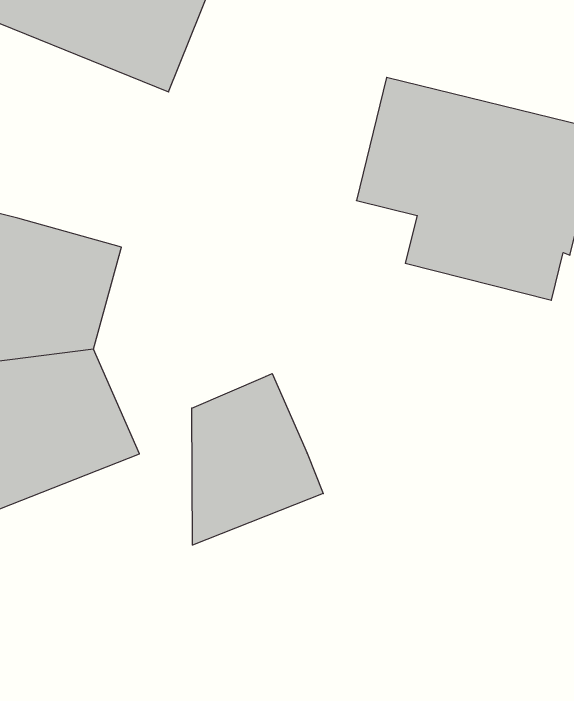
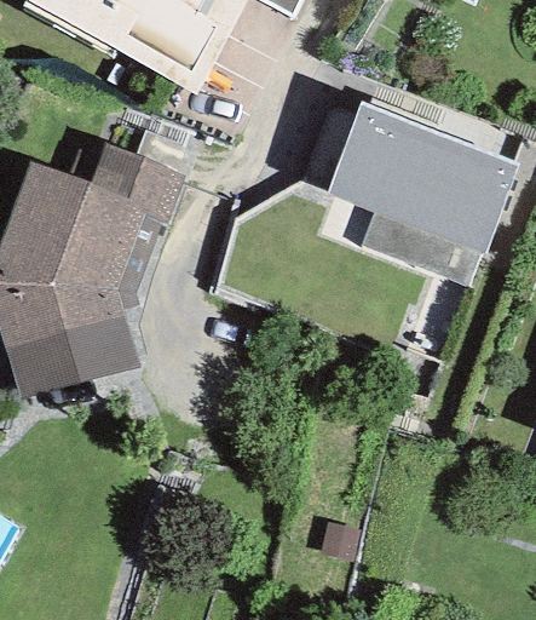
building: none -> [69,134,186,223]
building: [192,374,323,545] -> none

